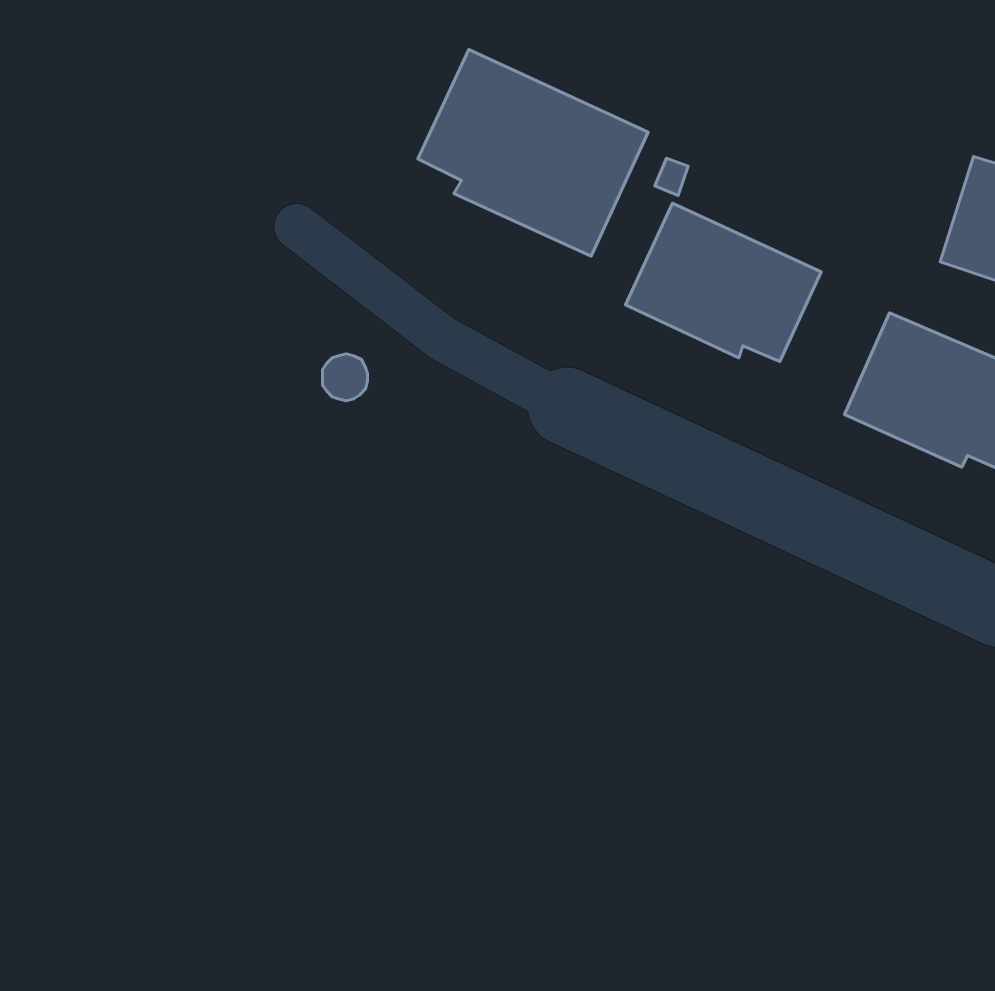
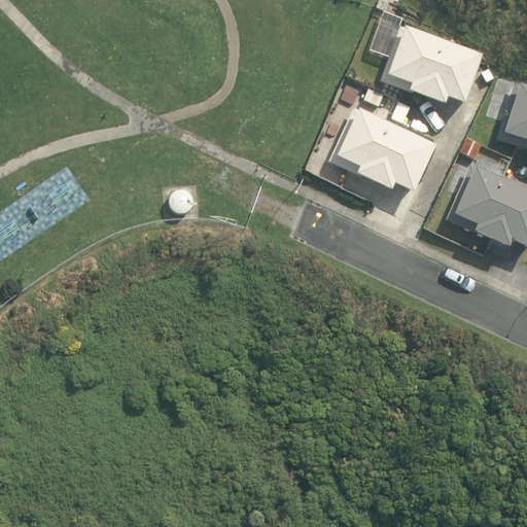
building: none -> [383,26,482,103]
building: [418,50,648,256] -> none

